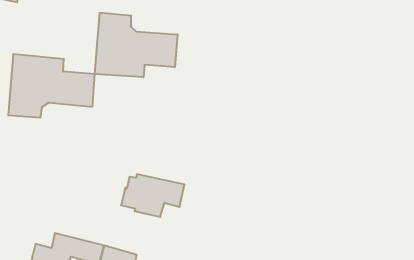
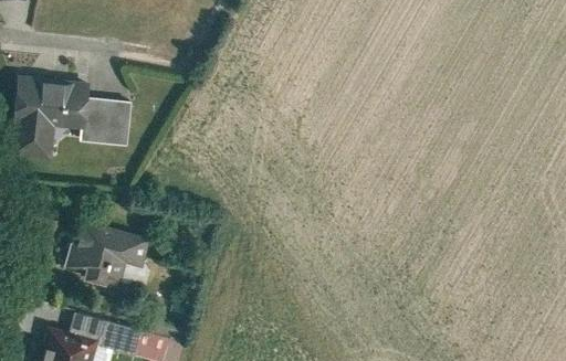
building: [95,13,178,77] -> none
building: [121,174,185,217] -> [66,224,150,280]

